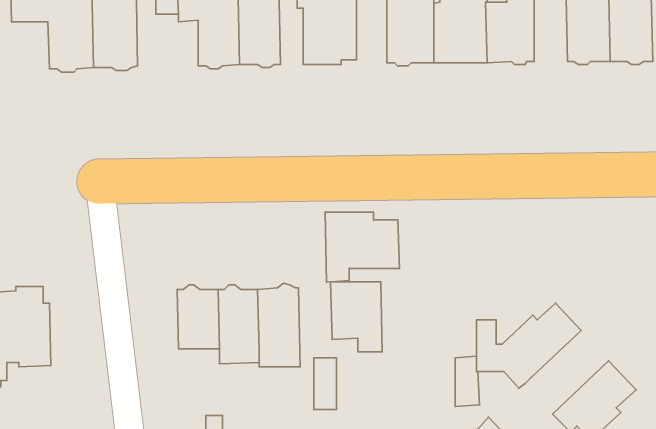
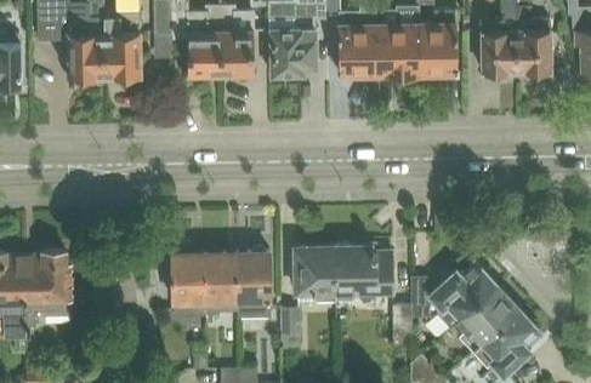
building: [325,212,399,282] -> [334,248,393,304]
building: none -> [454,287,516,354]

